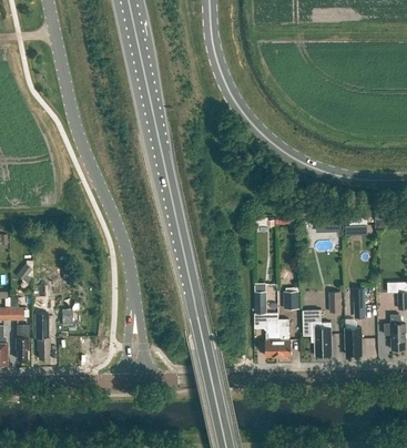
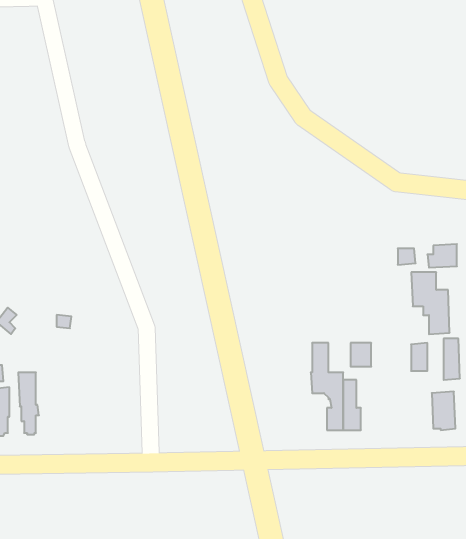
building: [303,309,332,356] -> [411,272,450,334]

